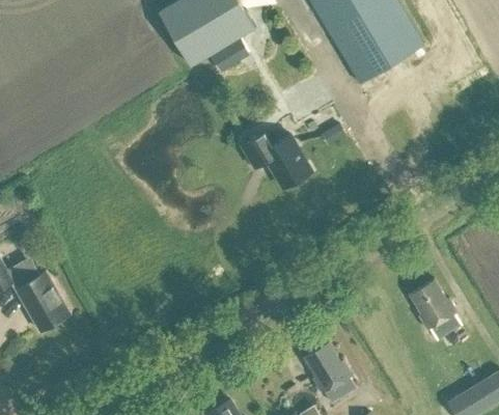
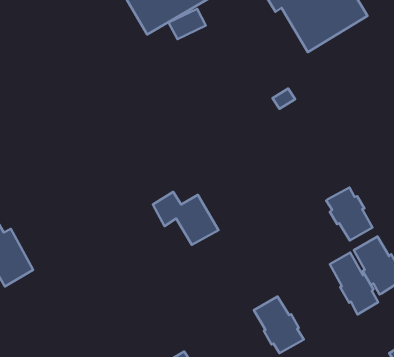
building: [240,133,309,189] -> [153,192,218,245]
building: none -> [326,188,372,241]
building: none -> [330,253,378,314]

